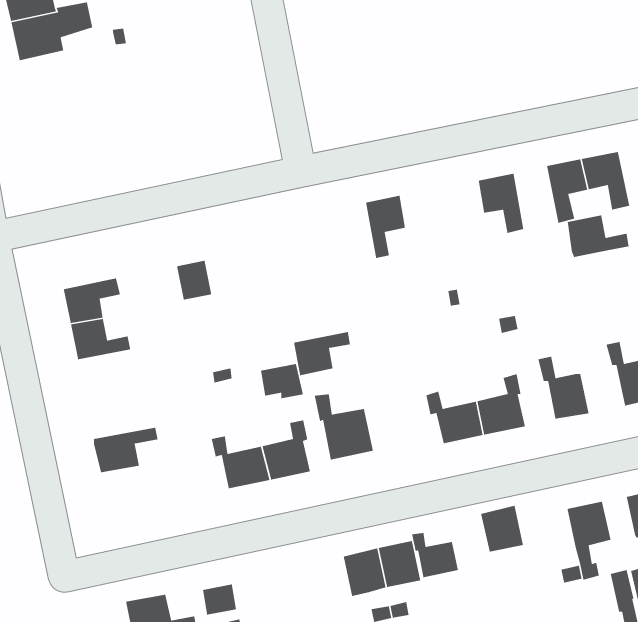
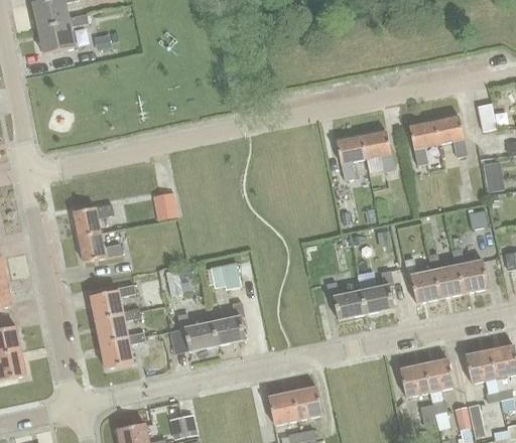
building: [365,195,406,259] -> [337,136,365,180]
building: [567,214,629,258] -> none
building: [293,331,351,376] -> none
building: none -> [427,253,464,298]
building: none -> [91,283,135,315]
building: [314,393,374,461] -> none
building: none -> [100,331,144,367]
building: [480,505,524,553] -> [399,363,429,397]
building: [411,532,459,578] -> none

